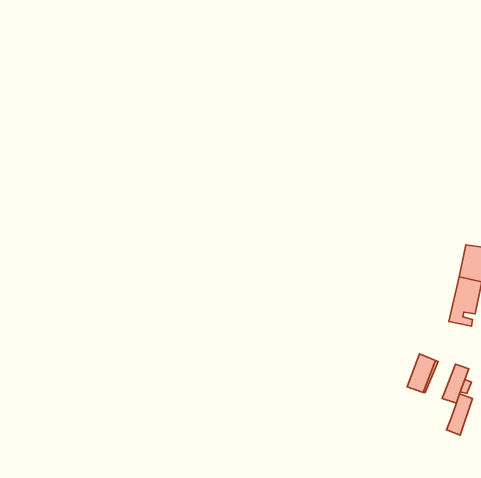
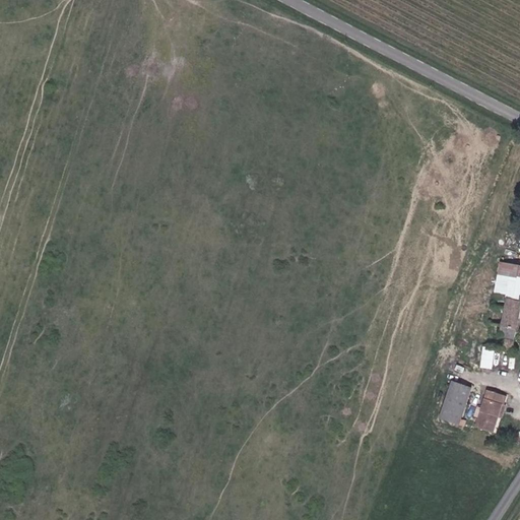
building: [447,394,473,435] -> none

